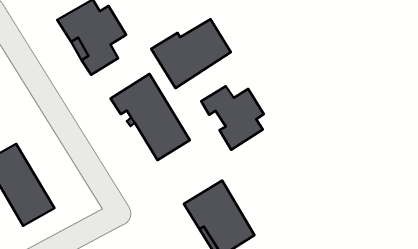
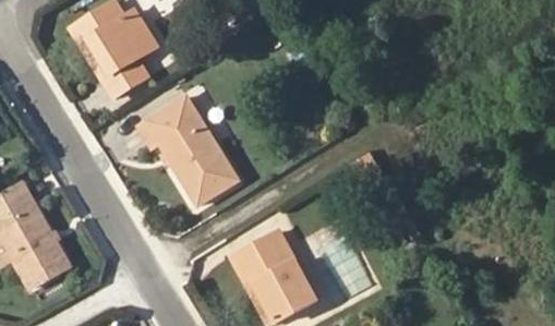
building: [151,19,231,88] -> none
building: [201,86,264,150] -> none

